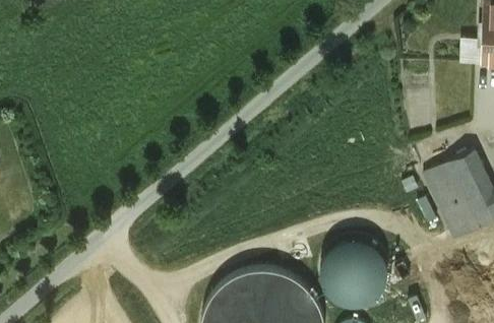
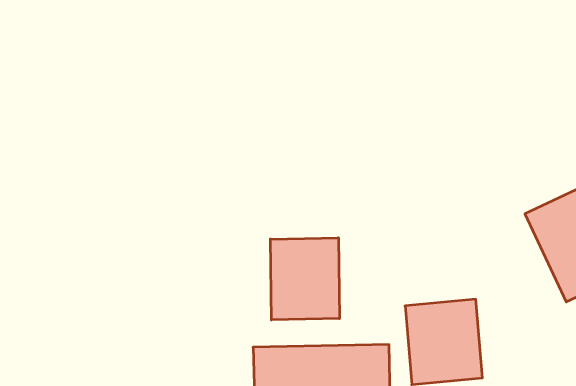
building: none -> [270,238,339,320]

